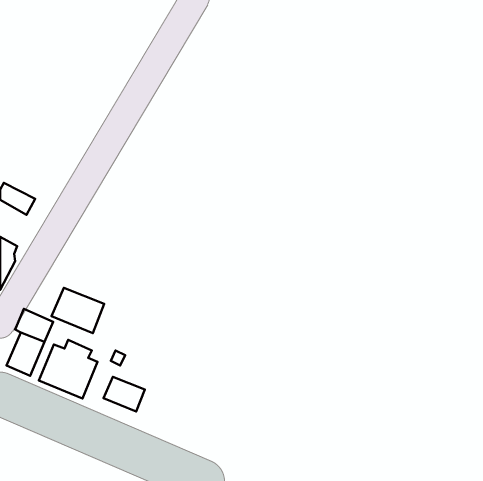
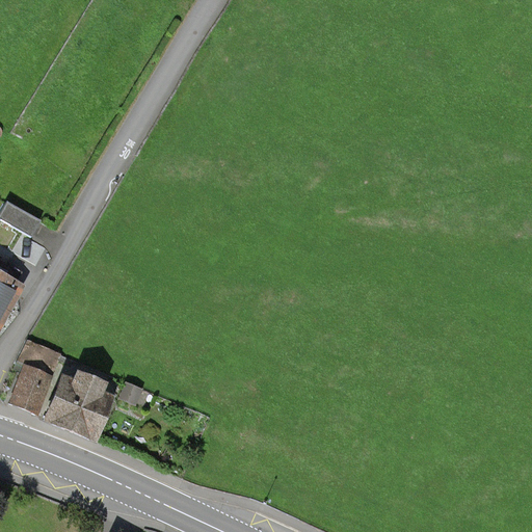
building: [52,288,104,333] -> none
building: [104,377,145,412] -> none

